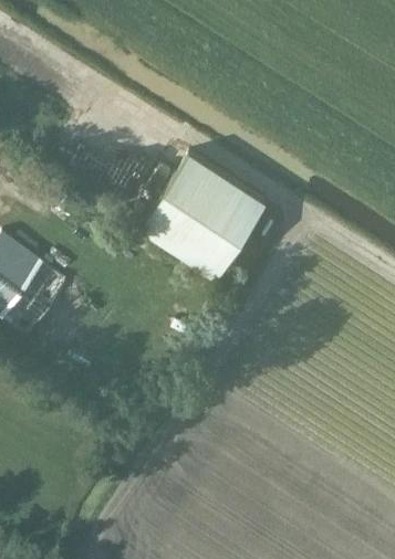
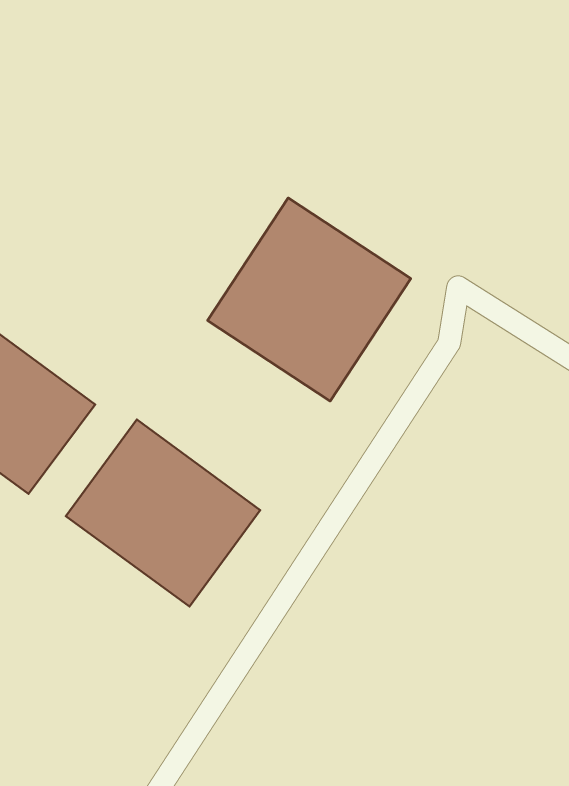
building: none -> [66,419,260,607]

